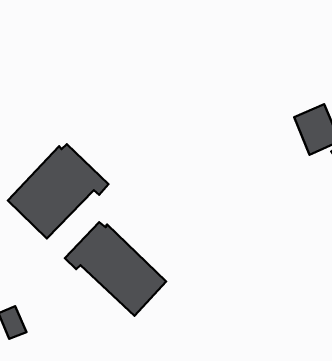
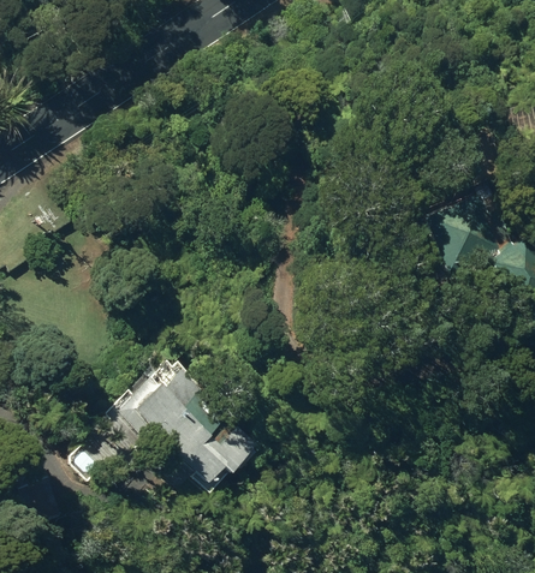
building: [8,144,109,239] -> none

